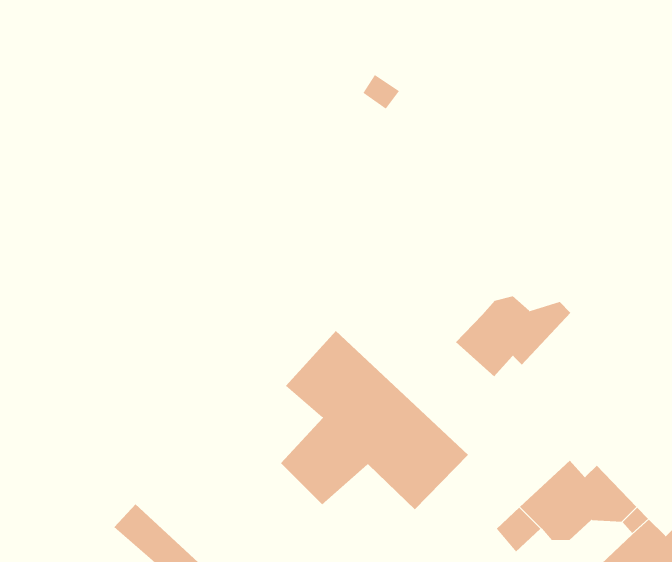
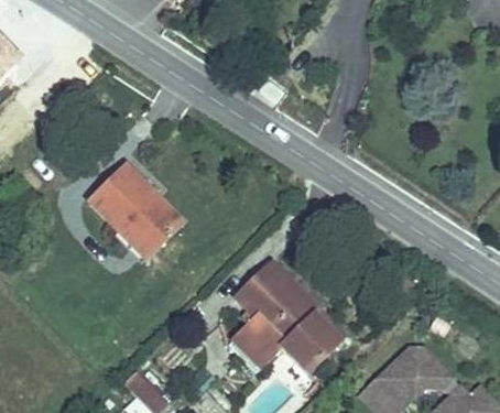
building: none -> [78,163,169,262]
building: [455,295,571,377] -> none

